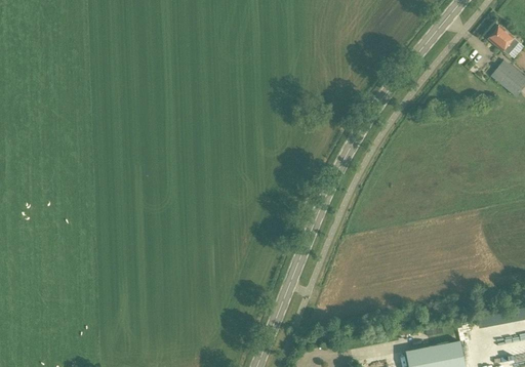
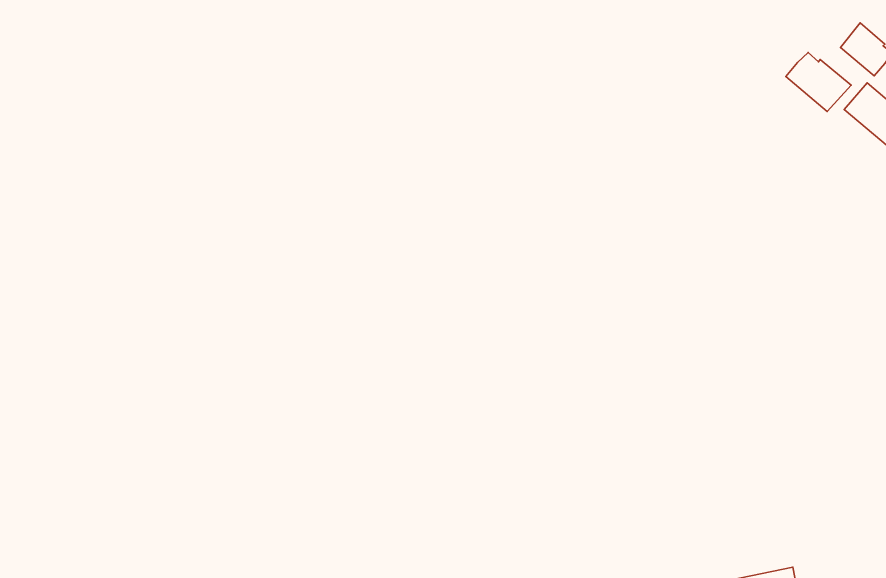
building: none -> [786,53,851,112]

